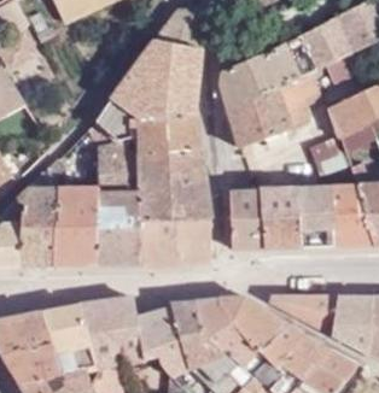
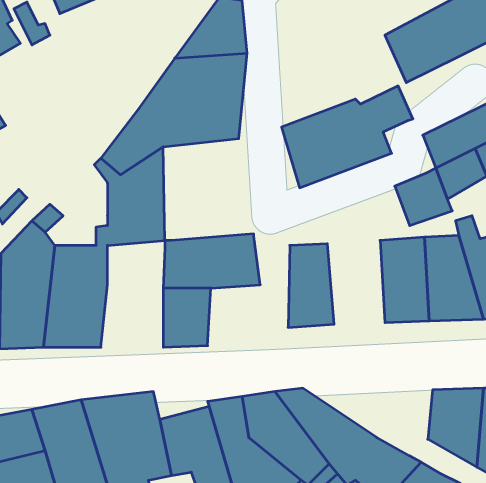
building: [220,36,317,104] -> none
building: [139,112,205,187] -> none
building: [260,187,302,248] -> none
building: [93,193,140,265] -> none
building: [171,219,210,264] -> none
building: [269,295,337,333] -> none

